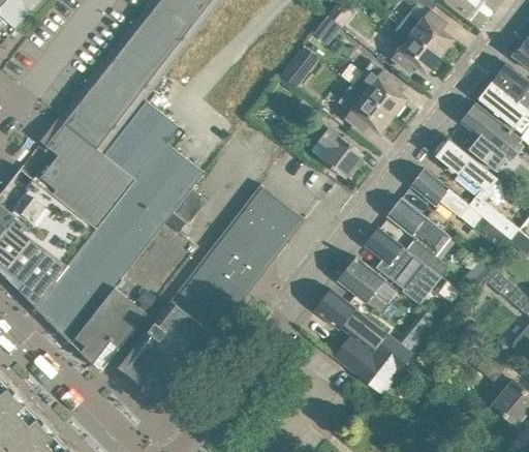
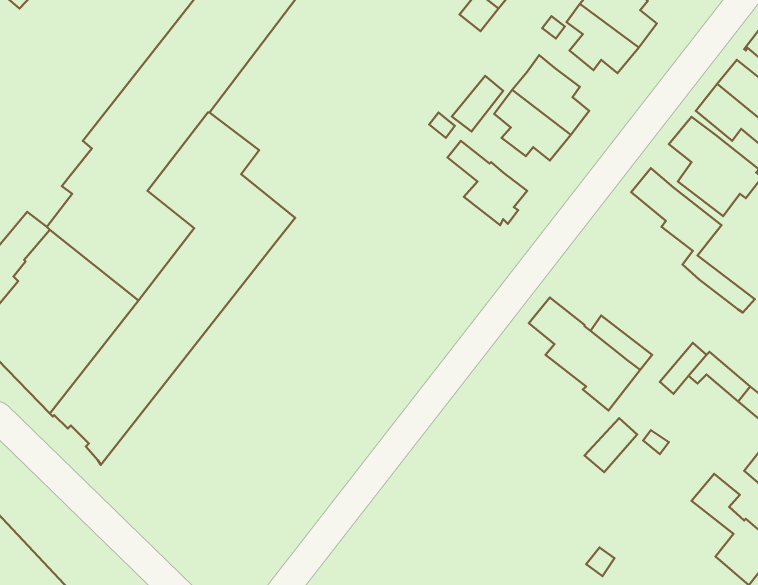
building: [282,49,317,87] -> [452,76,503,132]
building: [410,169,480,225] -> none
building: [120,184,305,399] -> none
building: [70,188,206,370] -> none
building: [386,199,449,250] -> none
building: [337,257,387,313] -> none
building: [313,289,412,393] -> none

